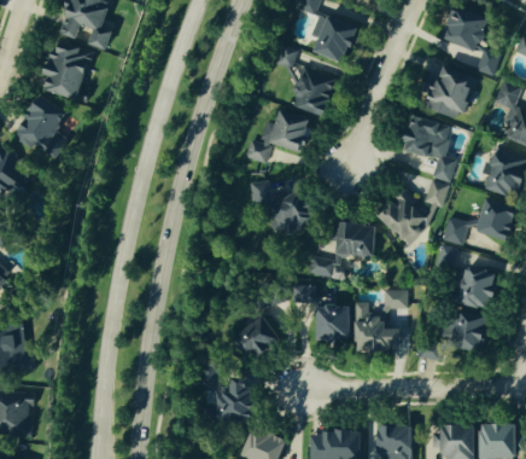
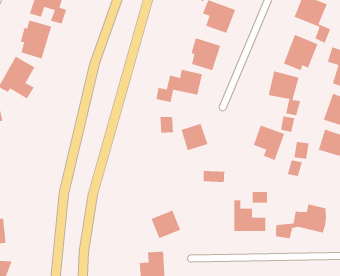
building: [337,222,373,256] -> none
building: [457,266,497,308] -> none
building: [288,285,349,338] -> none

